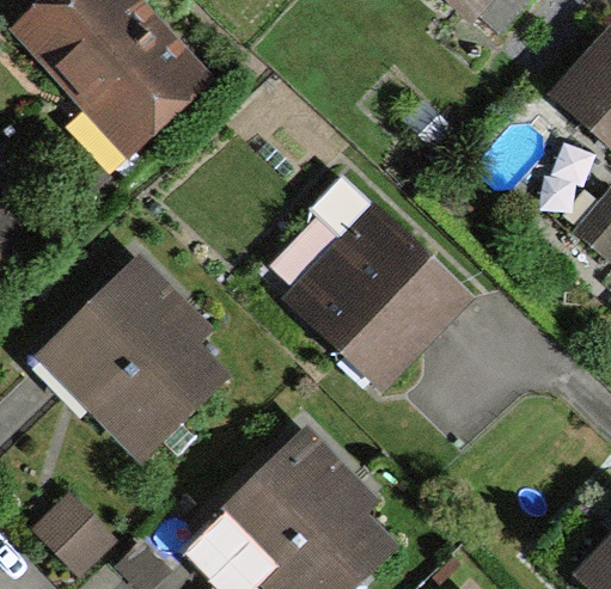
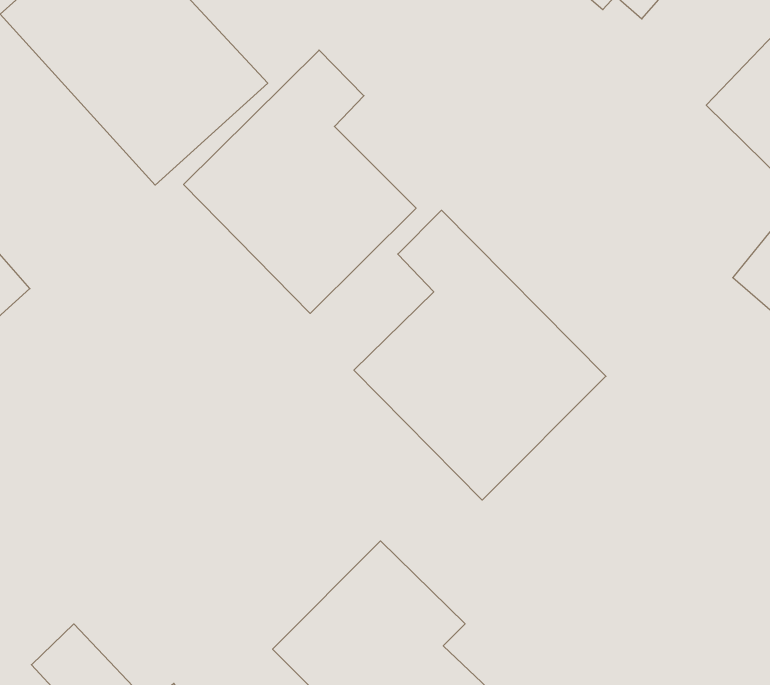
building: none -> [184,50,416,313]
building: [36,256,231,465] -> none

